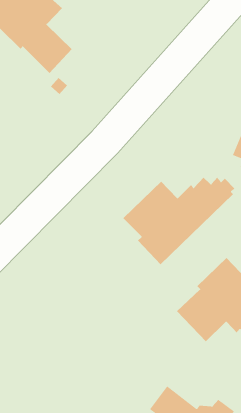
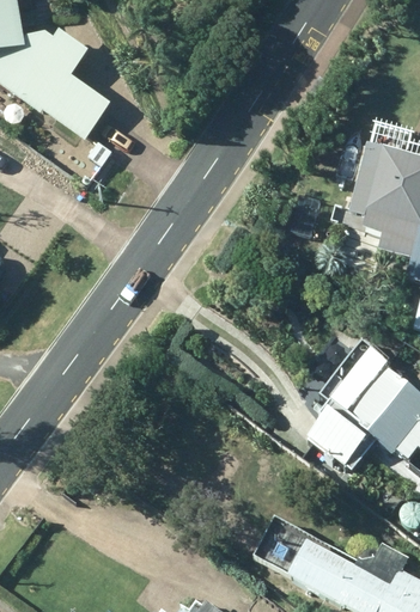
building: [122,177,235,265] -> none

